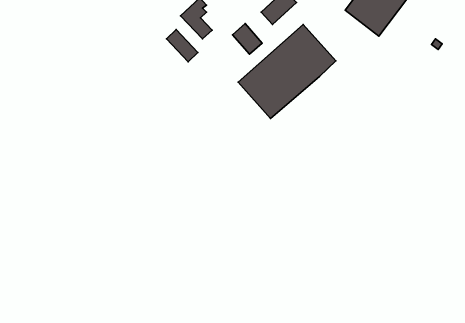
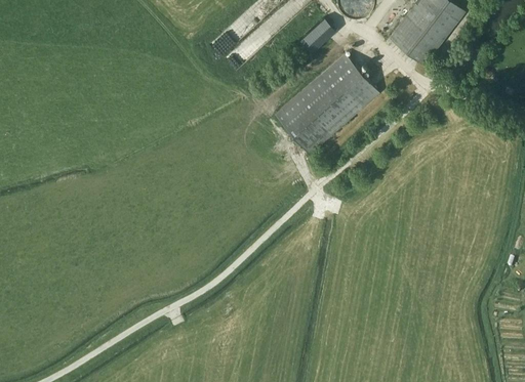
building: [232,24,262,54] -> none
building: [166,30,198,62] -> none

